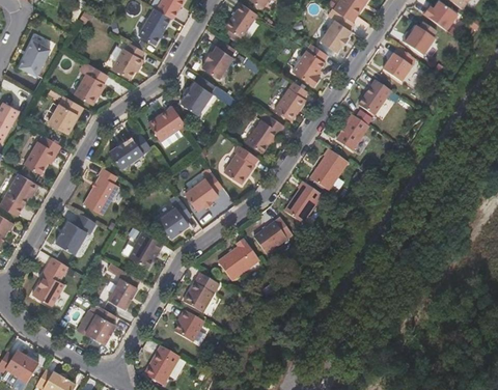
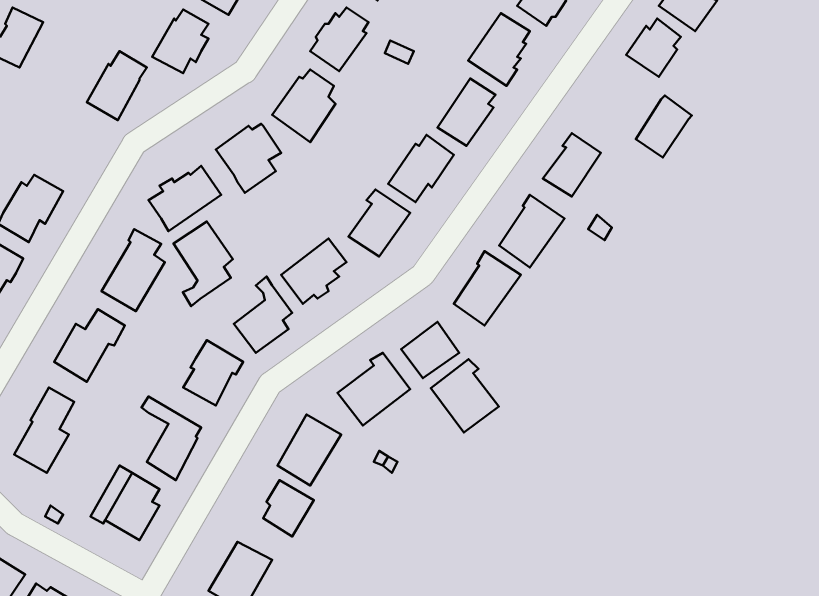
building: [357,80,389,115] -> [636,96,692,157]
building: [47,96,81,135] -> none
building: none -> [174,222,233,306]
building: none -> [431,359,499,432]

